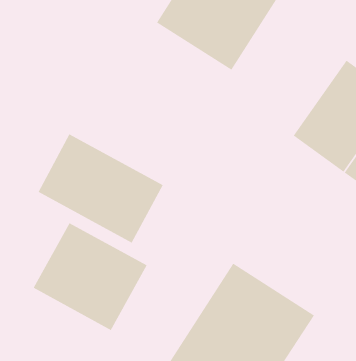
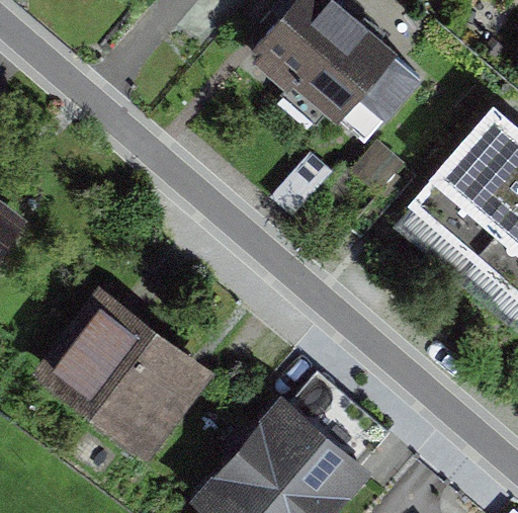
building: [38,133,163,244] -> none

